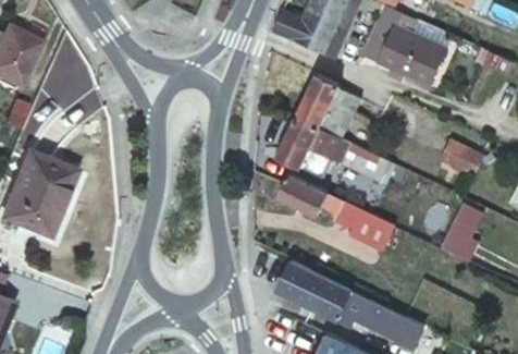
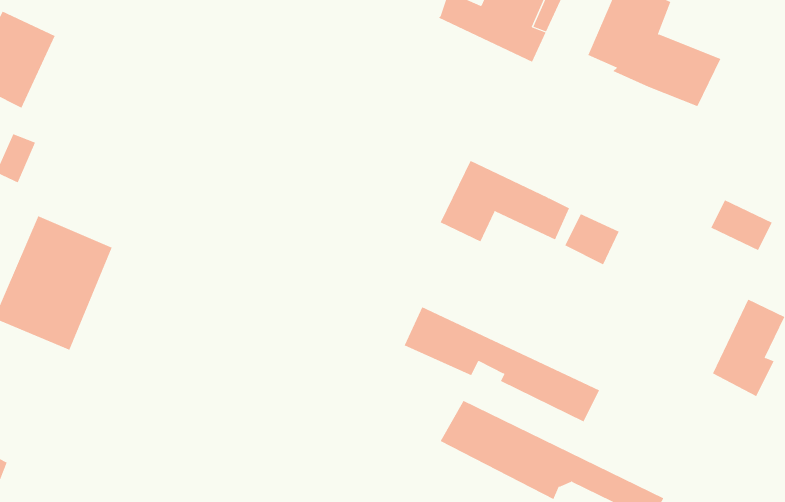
building: [295,75,358,141] -> none
building: [275,174,395,245] -> [404,306,600,422]

